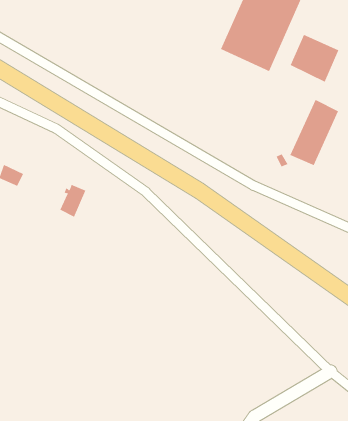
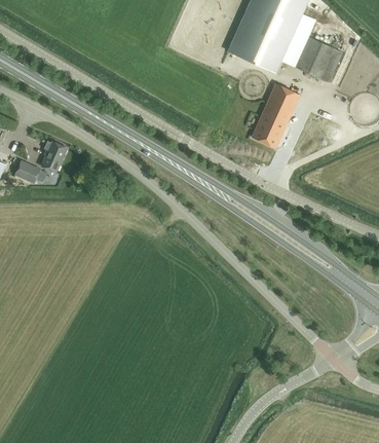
building: [290,99,339,166] -> [252,84,299,148]
building: [59,184,86,217] -> [41,142,67,174]

